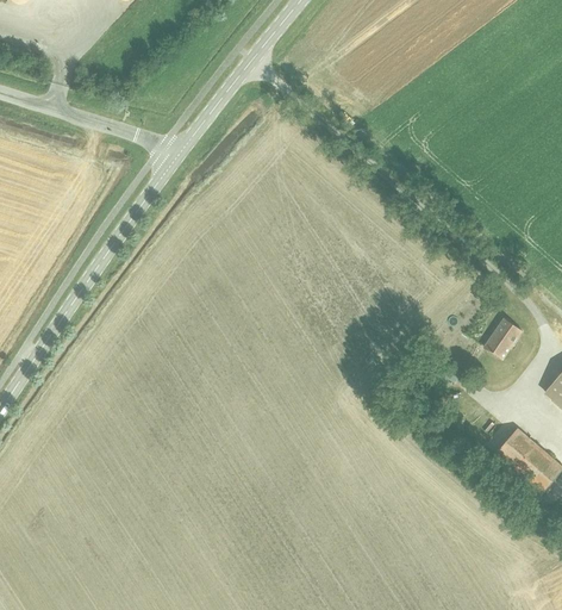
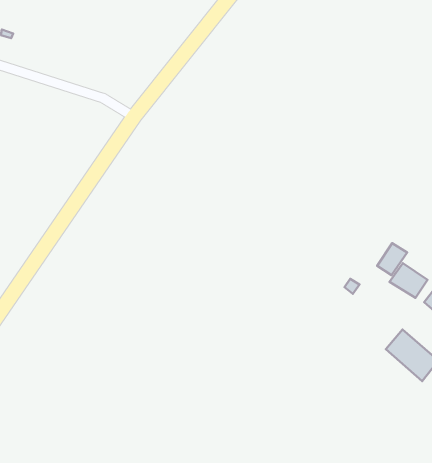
building: none -> [390,263,428,298]

